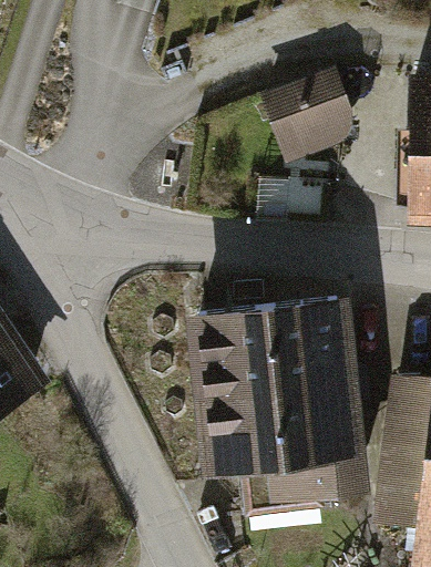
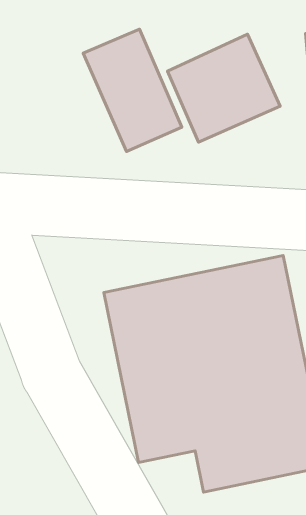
building: none -> [83,29,182,152]

